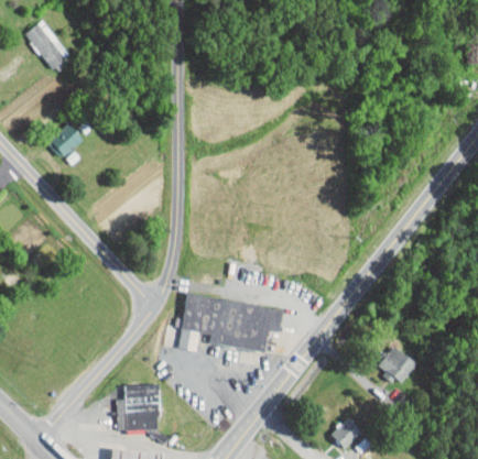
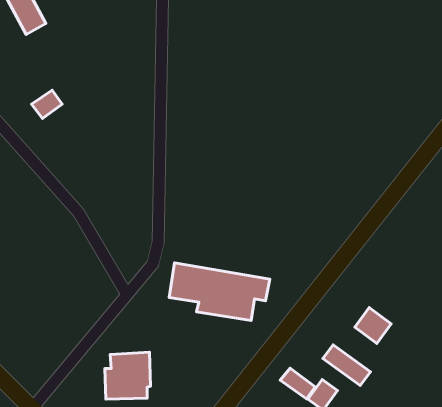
building: none -> [323,345,371,385]
building: none -> [280,368,315,399]

